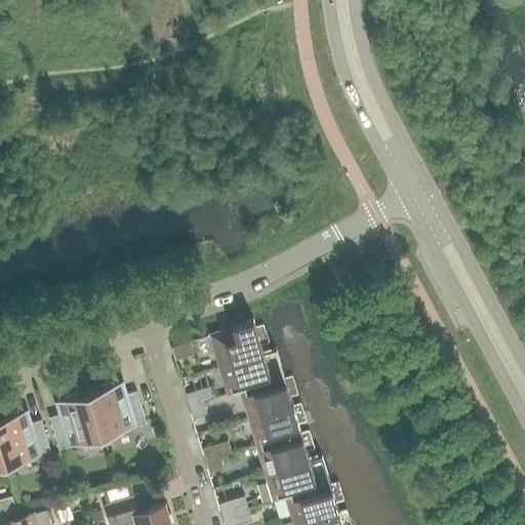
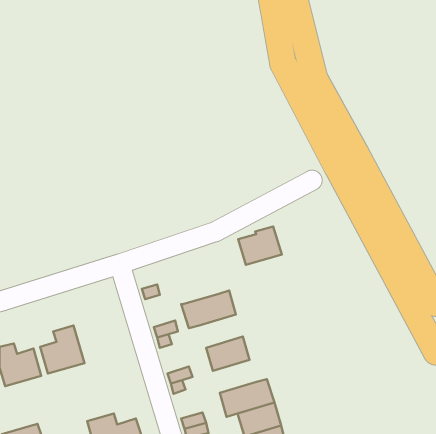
building: [210,322,262,368] -> [238,226,282,265]
building: [239,380,291,420] -> none
building: [88,387,145,439] -> none
building: [255,435,308,475] -> none

